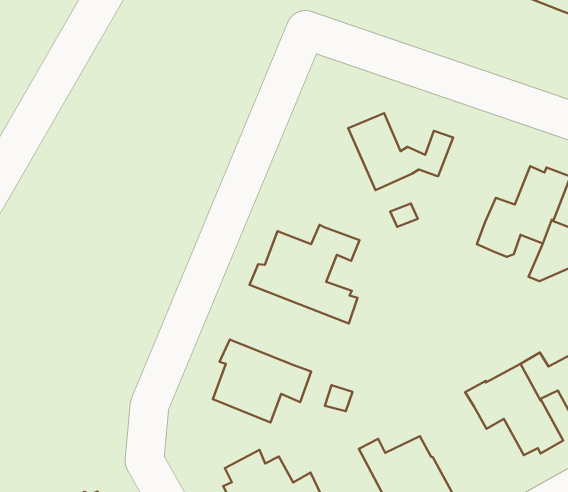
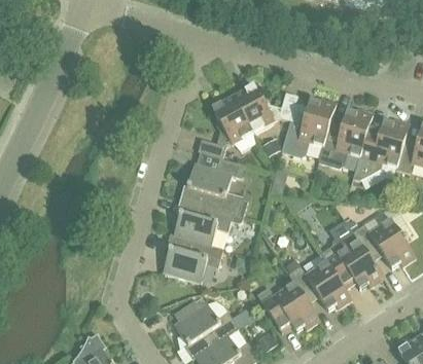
building: none -> [198,95,252,157]
building: none -> [281,97,336,155]
building: none -> [173,197,243,245]
building: none -> [287,260,351,308]

